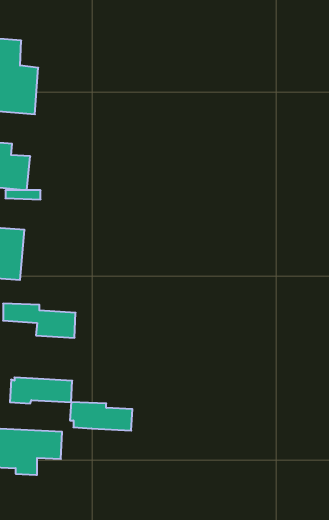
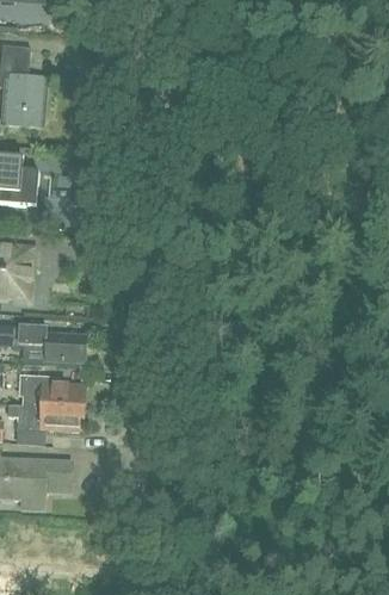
building: [70,402,132,431] -> [17,376,82,405]

